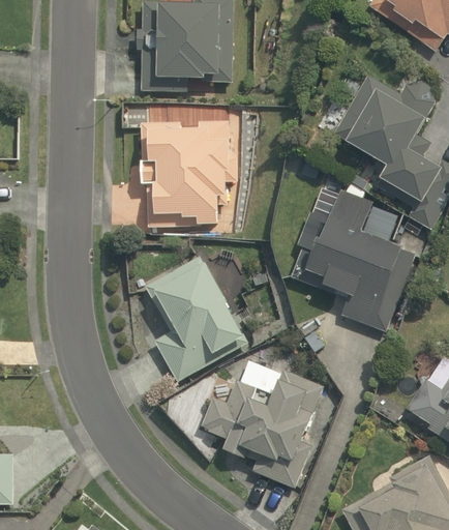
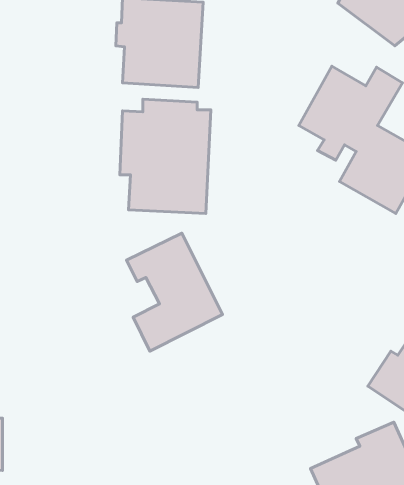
building: [290,184,417,332] -> none
building: [198,355,321,493] -> none

